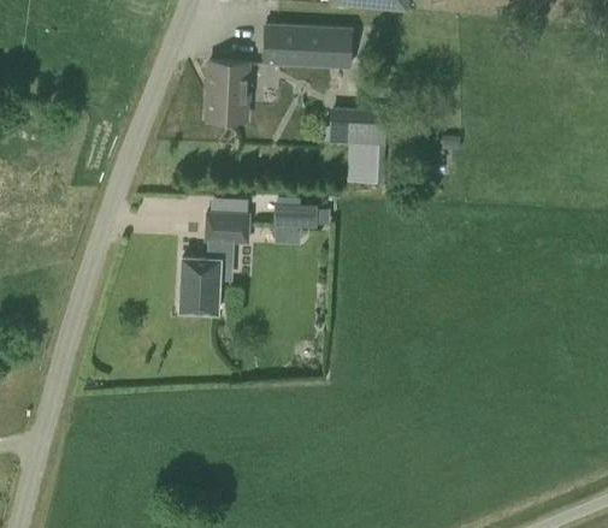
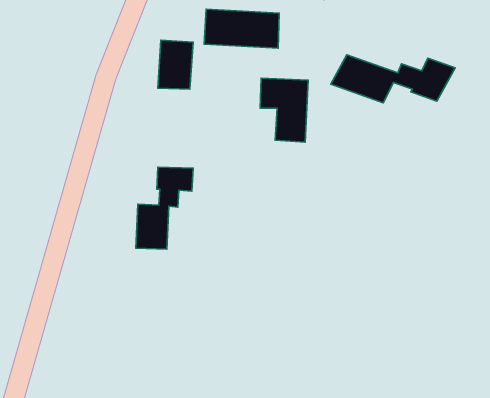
building: none -> [331,55,455,103]
building: [275,204,318,229] -> none

